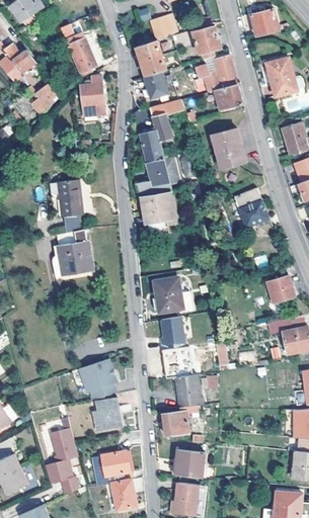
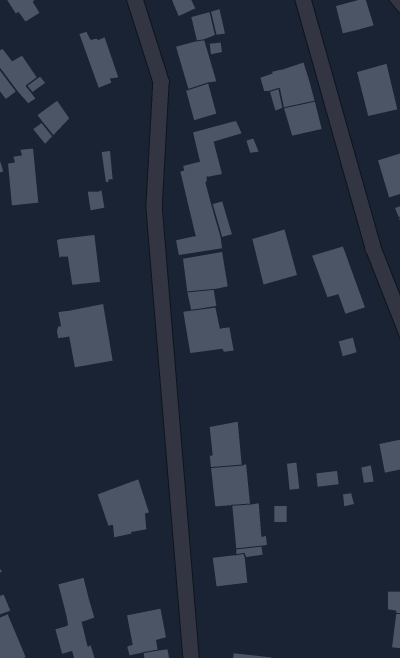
building: [192,26,221,60] -> none
building: [81,75,104,116] -> [7,148,39,206]
building: [212,127,245,168] -> [252,229,298,285]
building: [267,275,294,303] -> none
building: [153,278,190,312] -> [183,307,235,354]
building: [99,397,125,427] -> none
building: [173,449,203,477] -> none

